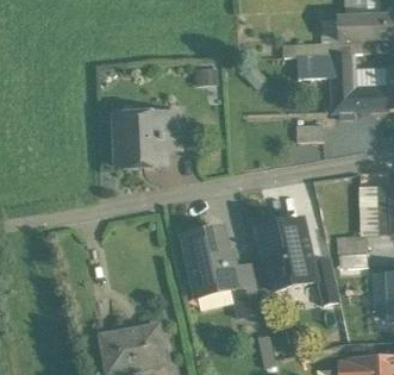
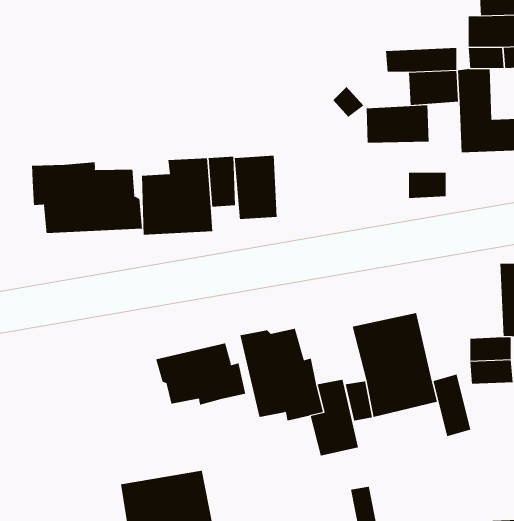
building: none -> [366,104,429,143]
building: none -> [234,155,277,220]
building: none -> [32,162,143,234]
building: none -> [155,342,246,405]

